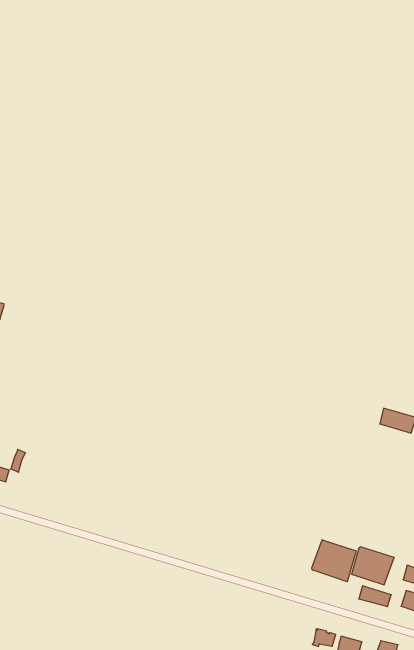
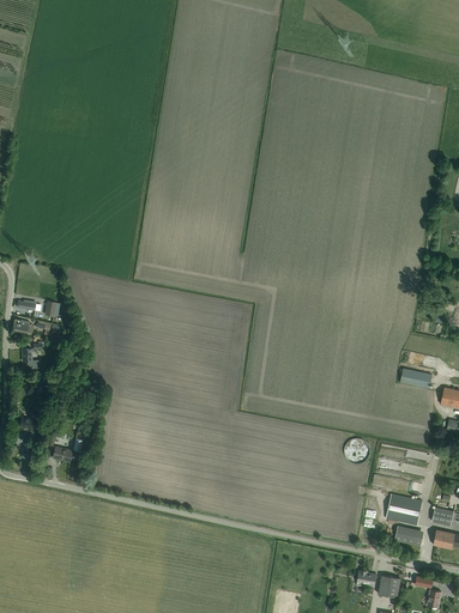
building: [312,540,356,582] -> none

